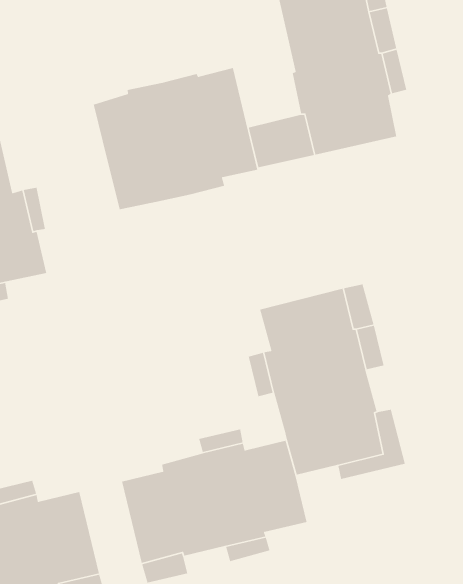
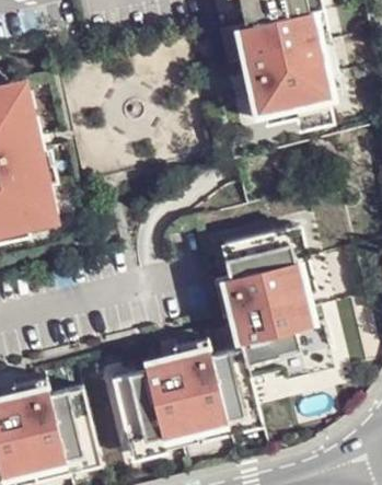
building: [93,67,258,210] -> none

